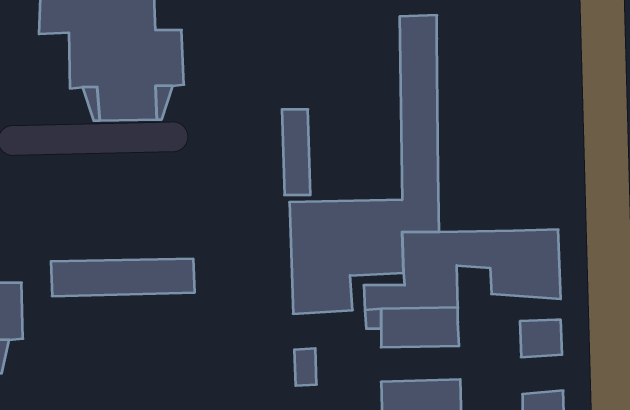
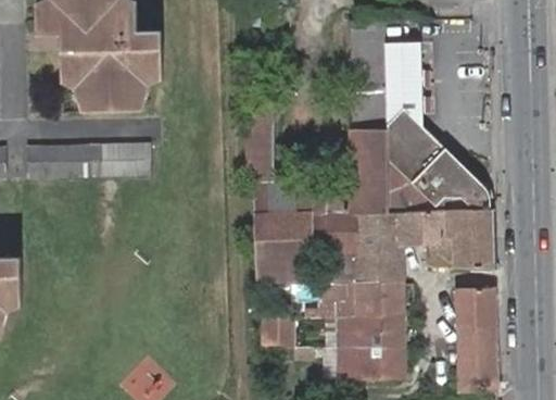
building: none -> [383,40,490,209]
building: [51,259,195,296] -> [27,145,153,177]
building: none -> [334,310,404,341]
building: none -> [457,317,494,352]

